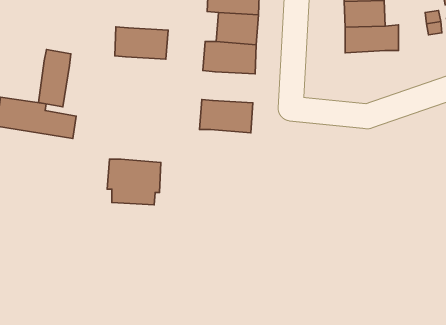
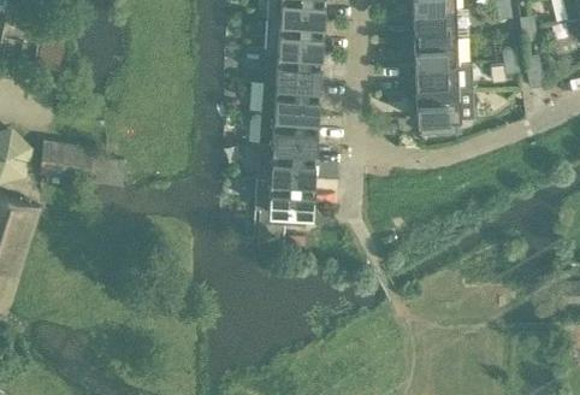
building: [115,27,168,59] -> [260,111,318,146]
building: [38,50,71,107] -> none
building: none -> [415,89,460,134]
building: [107,159,161,205] -> [255,175,313,224]

